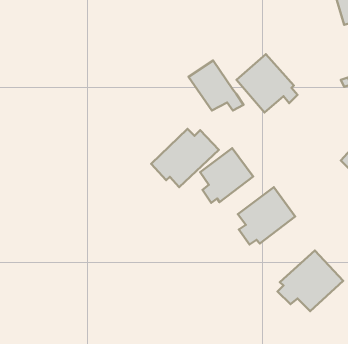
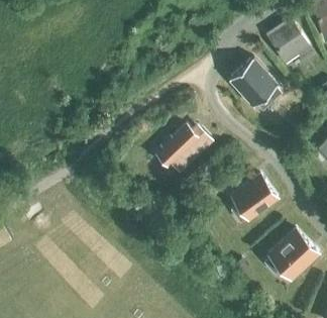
building: [188,60,243,111] -> [269,19,317,63]
building: [200,148,253,203] -> none

